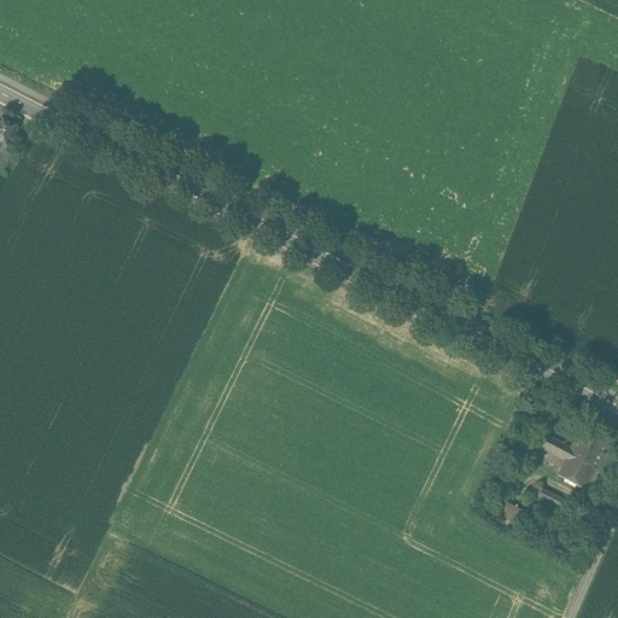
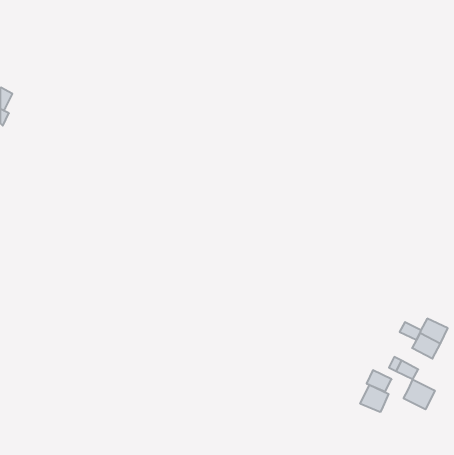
building: none -> [404,379,435,409]
building: none -> [360,385,389,412]

